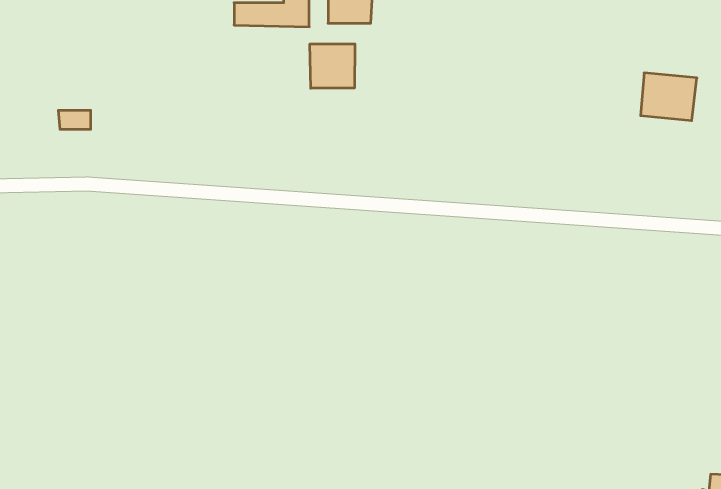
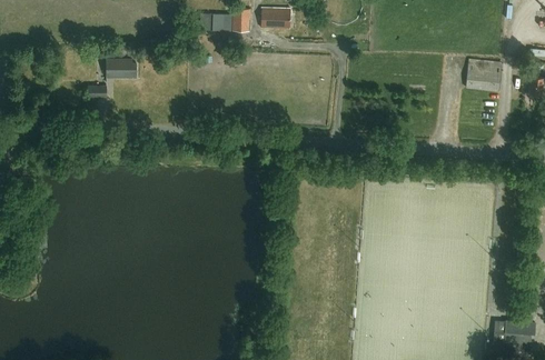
building: [310,44,355,88] -> none
building: none -> [107,59,137,78]

